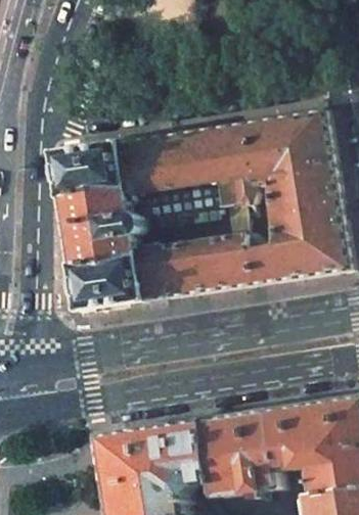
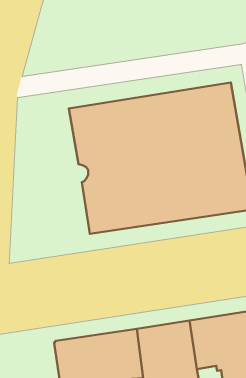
building: [47,142,139,312] -> none

